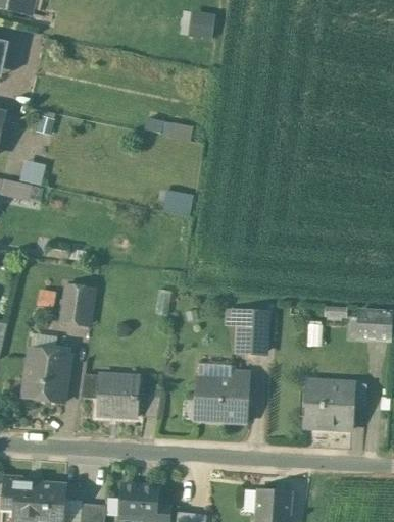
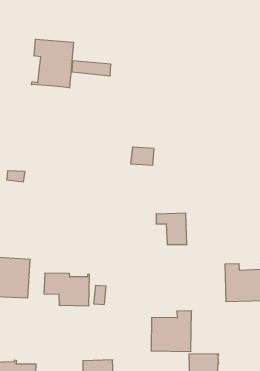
building: none -> [32,39,74,88]
building: [160,190,191,214] -> [131,147,154,165]
building: [60,284,91,325] -> none
building: [194,373,248,424] -> [151,311,192,351]

